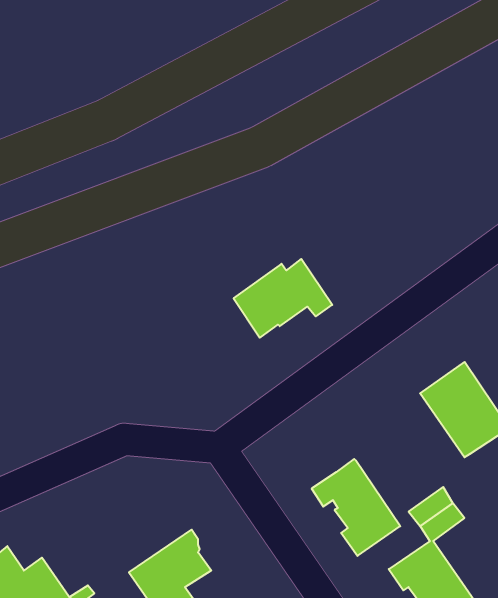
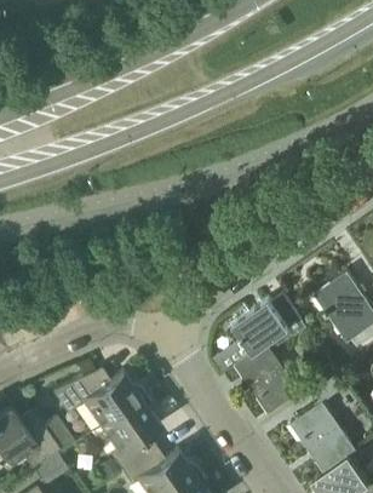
building: [234,259,332,338] -> [233,296,305,354]
building: none -> [51,372,145,428]

